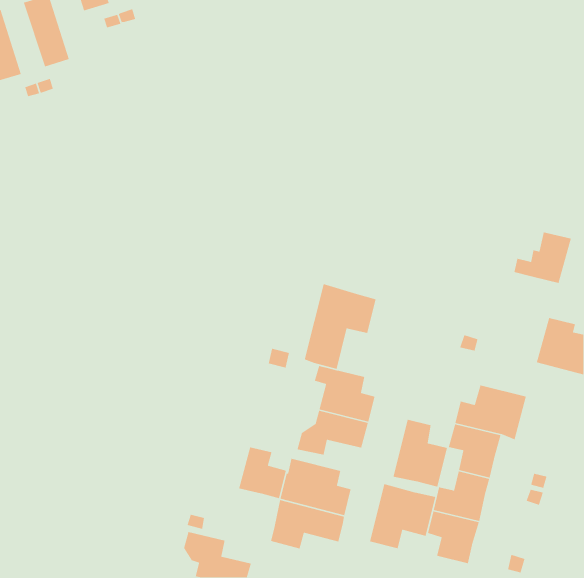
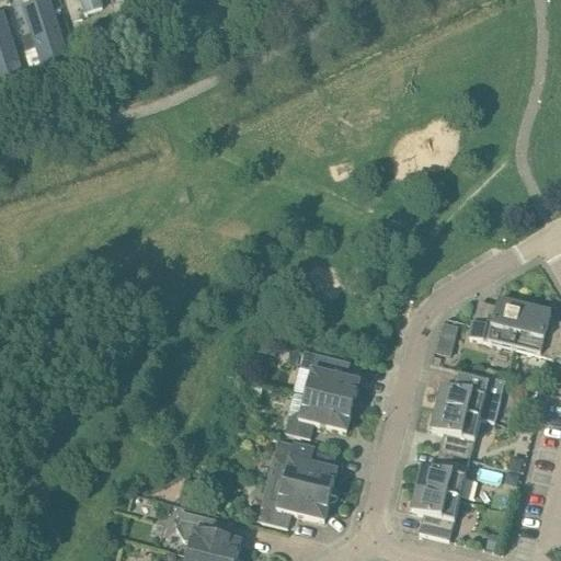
building: [513,231,572,284] -> [469,297,525,347]
building: [304,283,376,370] -> none
building: [392,419,448,488] -> none
building: [238,447,287,499] -> none
building: [369,483,436,549] -> none

